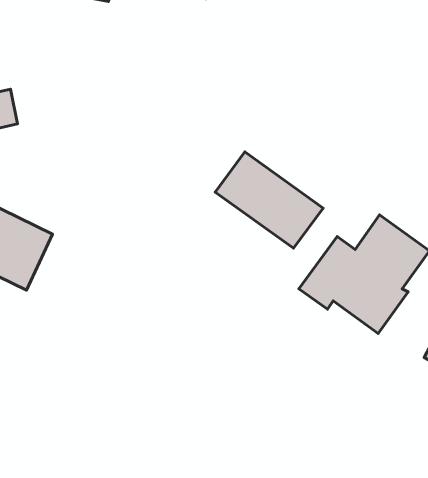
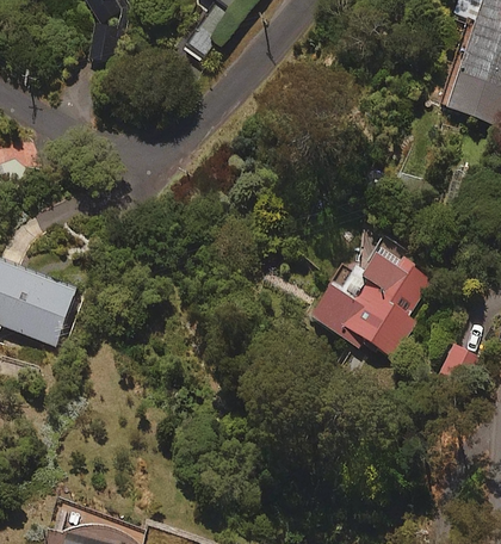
building: [215,152,323,248] -> none

